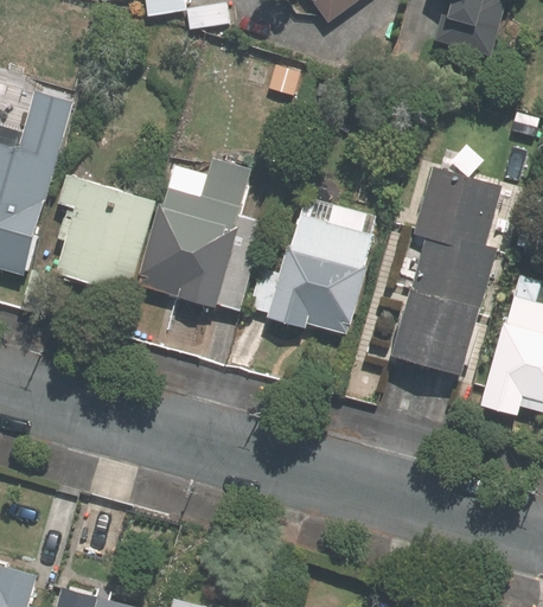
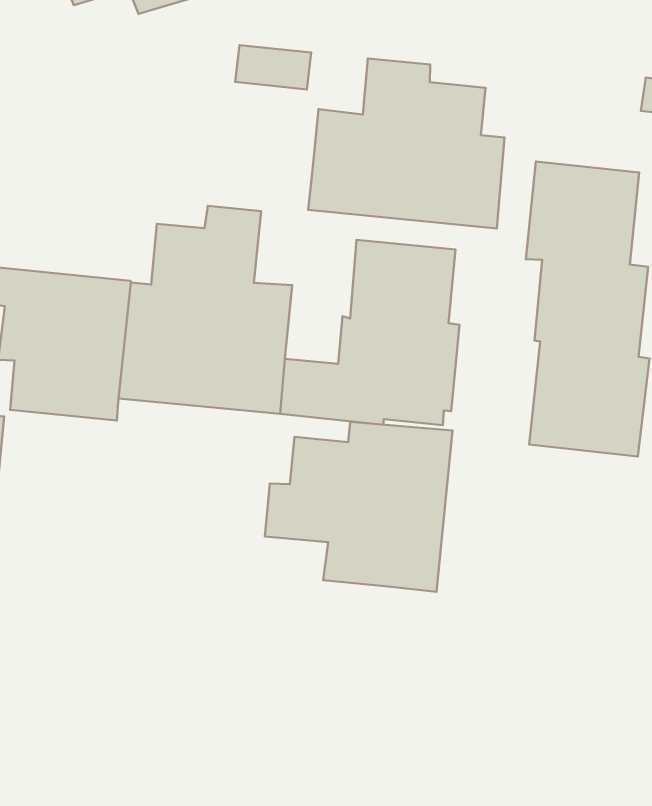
building: none -> [308,58,504,229]
building: none -> [265,422,452,592]

